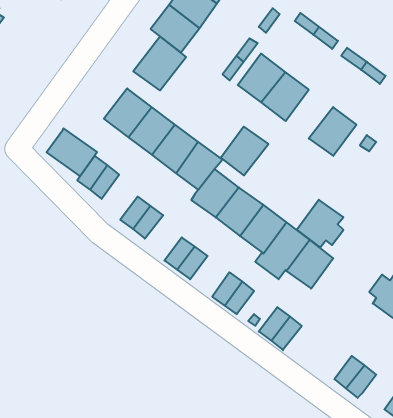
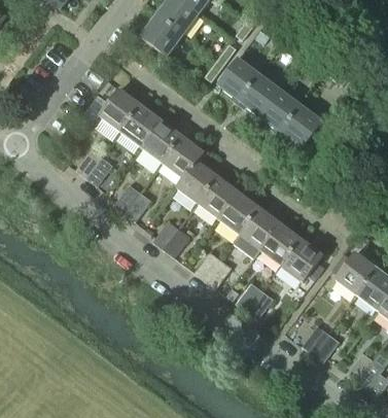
building: [133,36,186,90] -> none
building: [221,127,268,175] -> [259,90,302,133]
building: [47,128,97,176] -> none
building: [297,200,343,247] -> [282,239,323,281]

